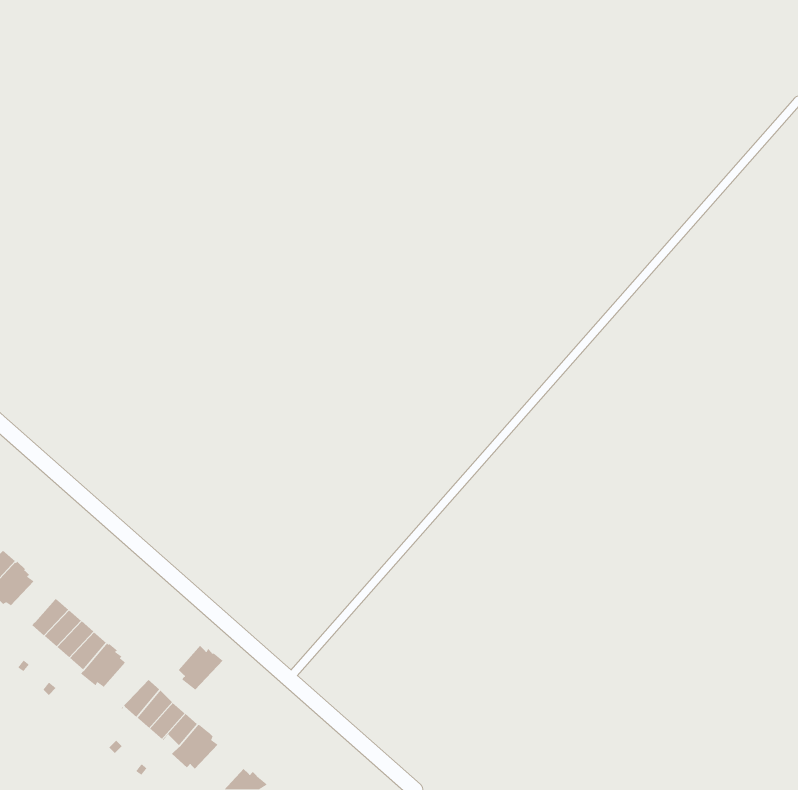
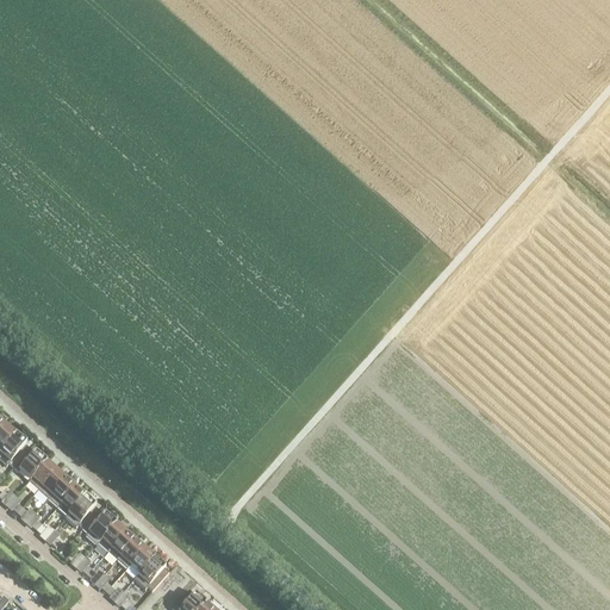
building: none -> [8,441,43,472]
building: [178,645,223,690] -> [79,503,113,537]

